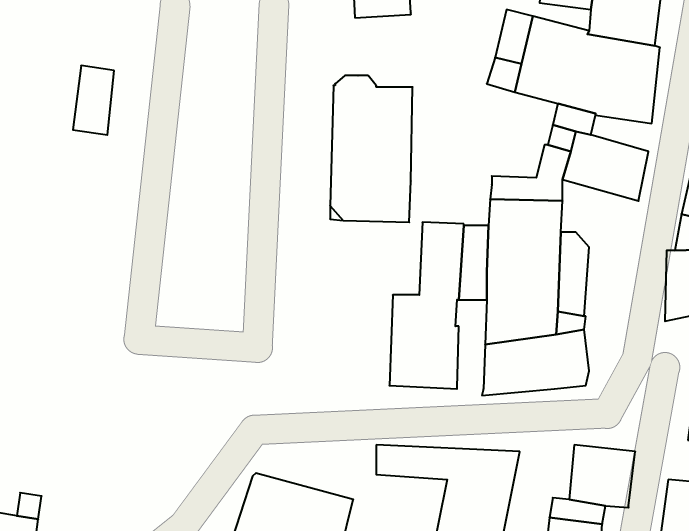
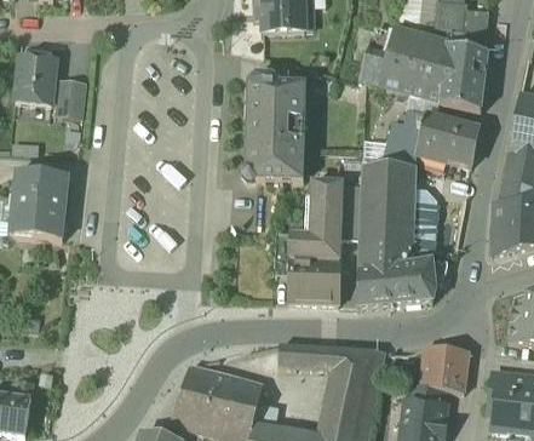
building: none -> [15,52,57,104]
building: none -> [8,170,69,239]

